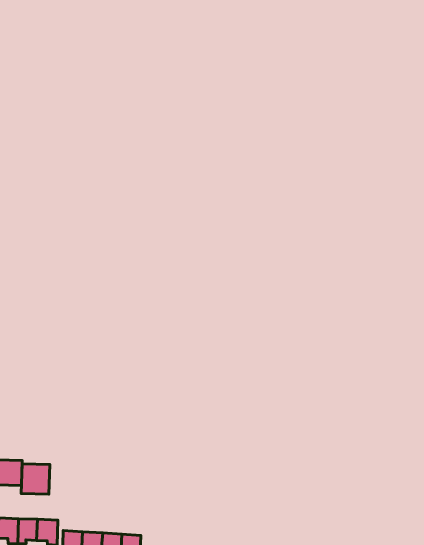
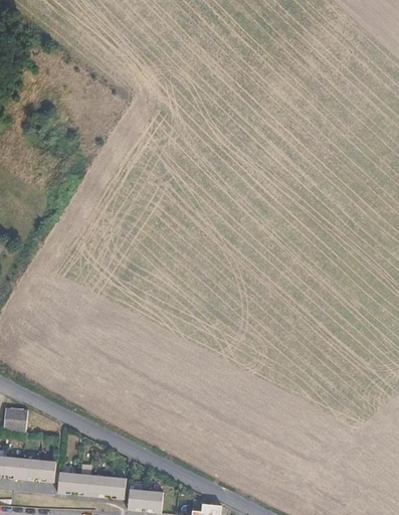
building: [21,464,50,494] -> none

